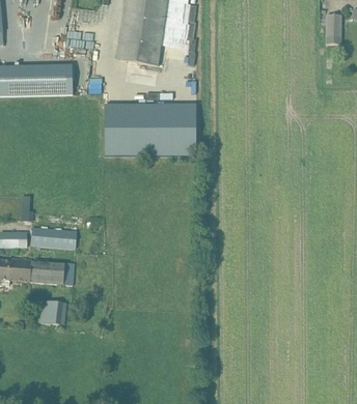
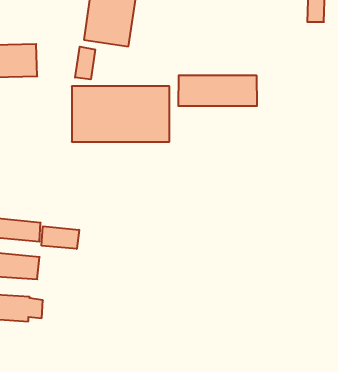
building: none -> [75,47,95,79]
building: none -> [178,75,257,106]
building: none -> [42,226,79,249]

